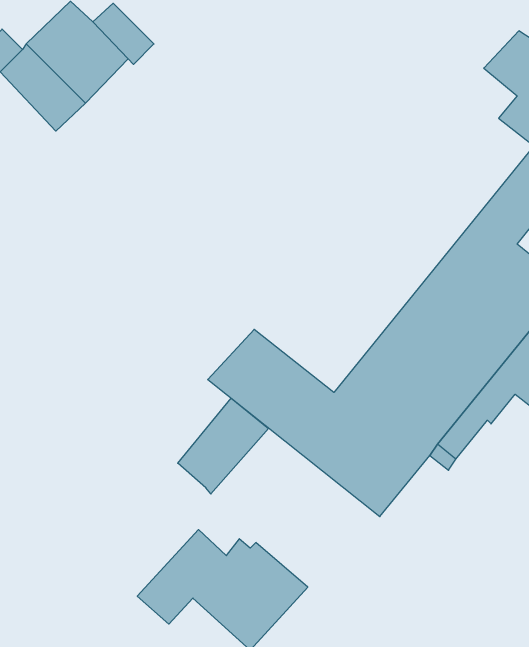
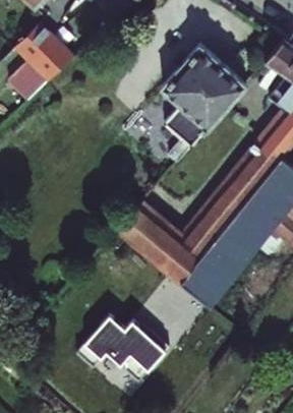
building: none -> [161,45,245,162]
building: [178,398,268,494] -> none

